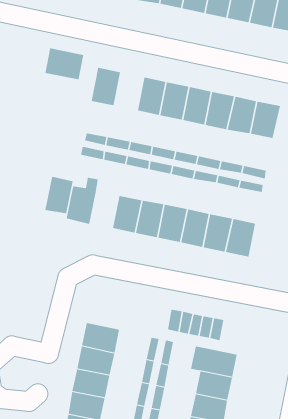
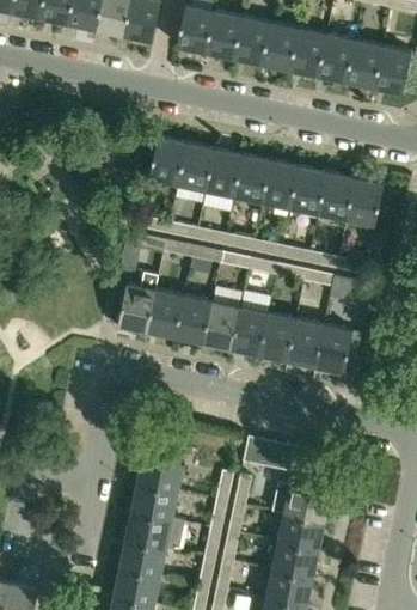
building: [45,48,84,80] -> none
building: none -> [177,142,214,190]
building: [45,176,74,214] -> [147,289,183,336]

